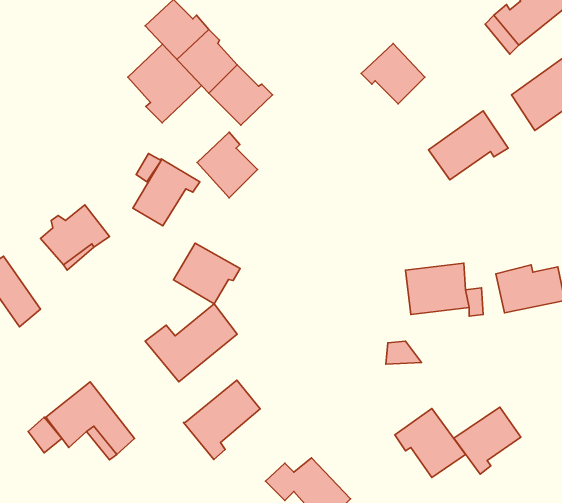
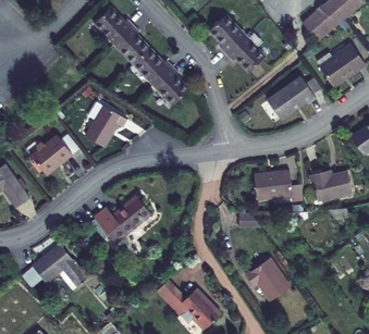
building: none -> [210,14,246,53]
building: [128,44,201,123] -> none
building: [197,132,257,198] -> [152,66,189,107]
building: [173,243,240,304] -> none
building: [184,380,260,460] -> none
building: [454,407,521,474] -> none

